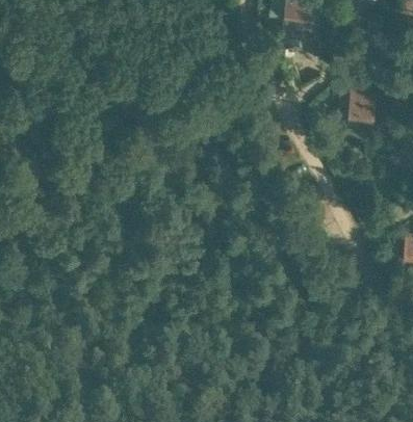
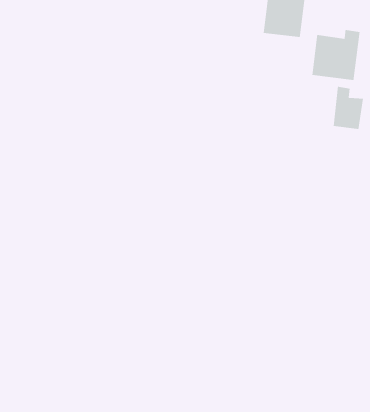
building: none -> [312,29,360,81]

